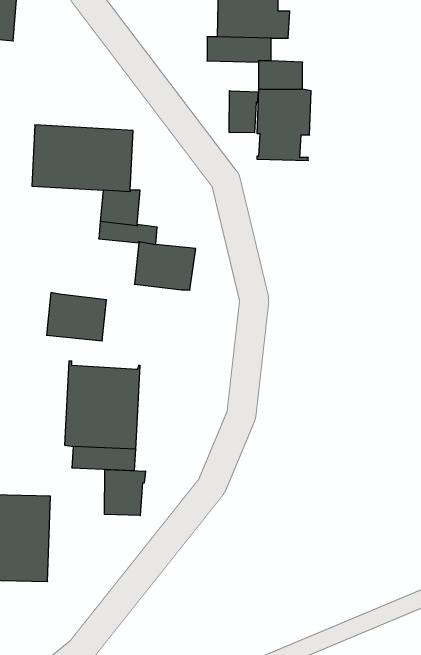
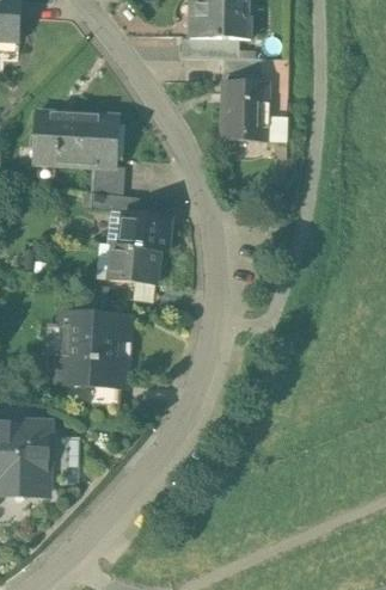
building: [229,91,258,133] -> none
building: [47,293,106,341] -> [108,242,158,283]
building: [104,469,146,516] -> none

